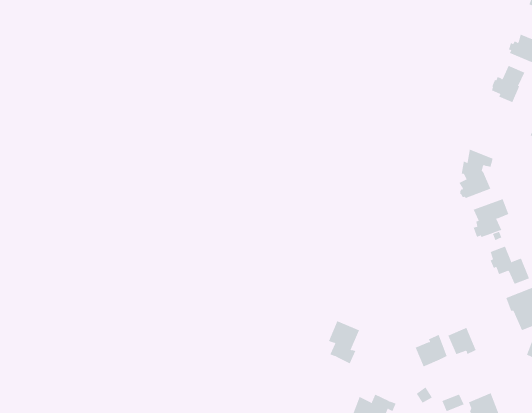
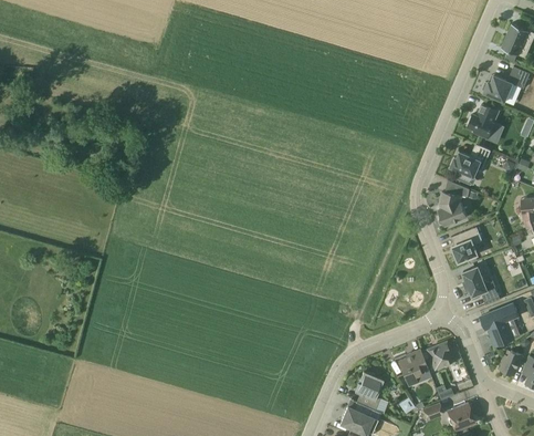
building: none -> [451,145,490,183]
building: [328,320,360,364] -> [355,371,384,411]

